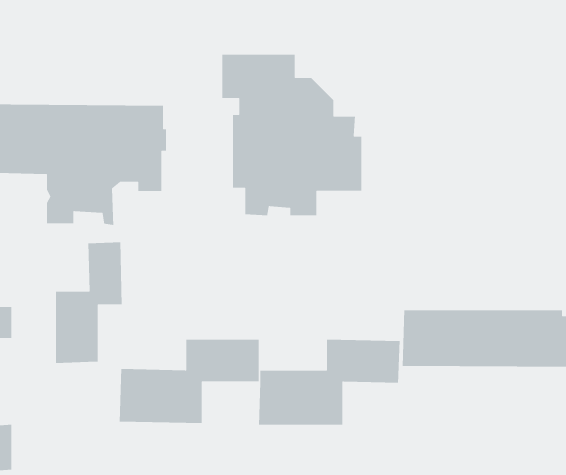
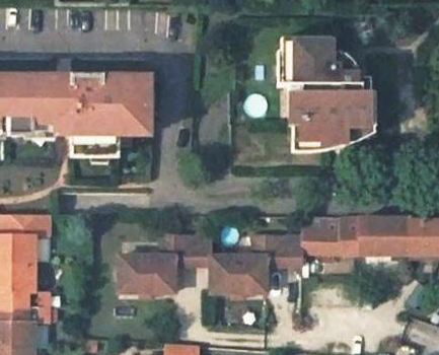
building: [221,54,362,216] -> [283,38,375,144]
building: [55,242,123,364] -> none

